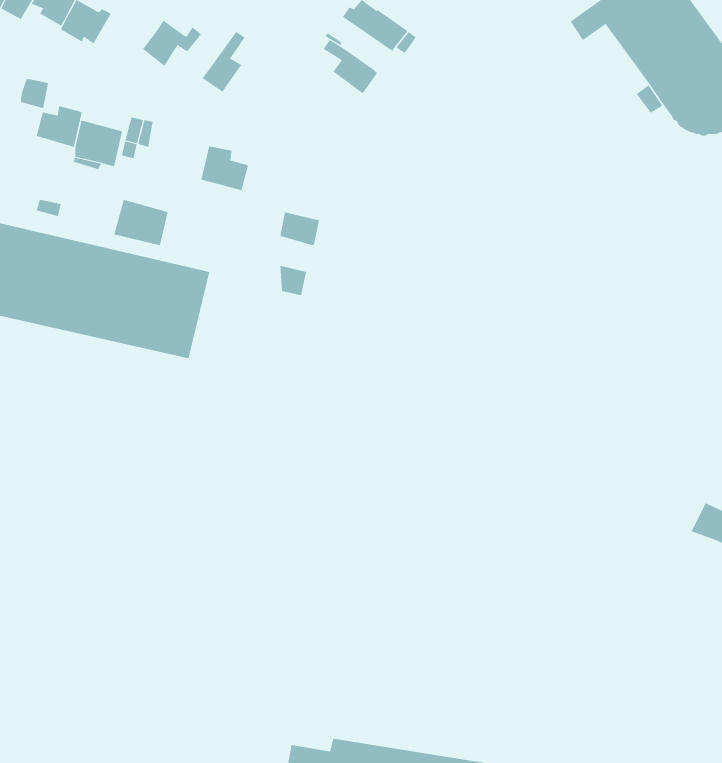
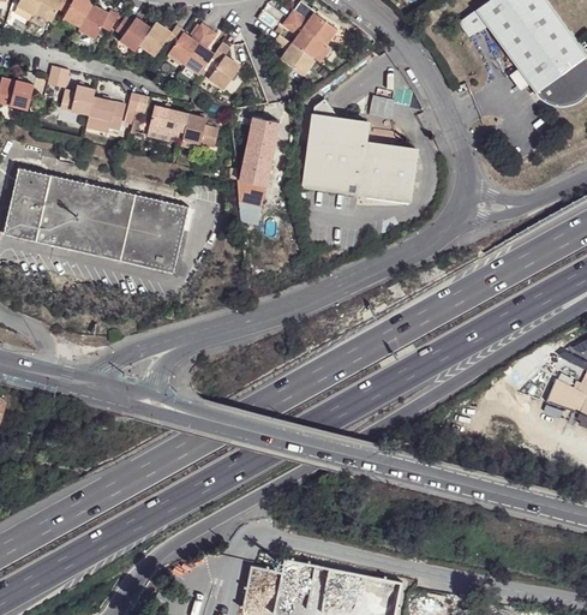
building: none -> [115,17,150,48]
building: none -> [283,18,324,58]
building: none -> [168,24,209,64]
building: none -> [199,42,238,89]
building: none -> [303,98,417,202]
building: none -> [245,119,282,169]
building: [114,199,168,246] -> [148,105,188,139]
building: none -> [239,180,266,208]

